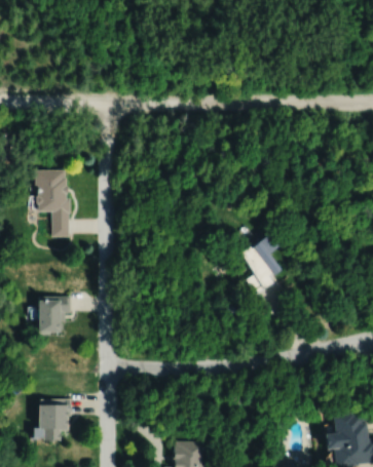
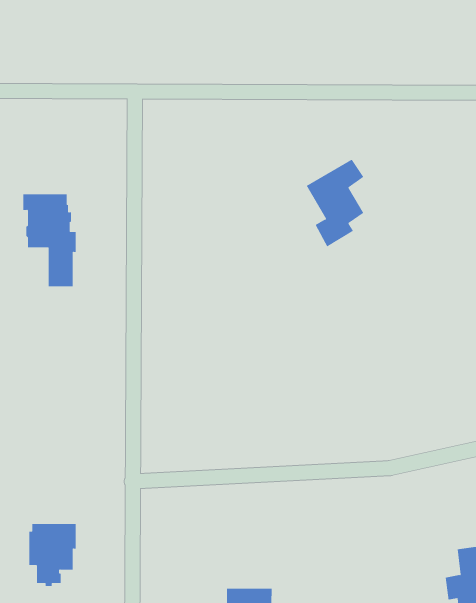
building: [238,234,278,295] -> [306,159,364,247]
building: [38,296,71,333] -> none

